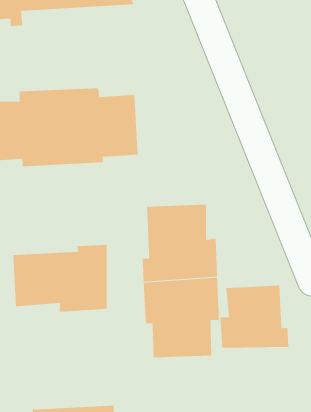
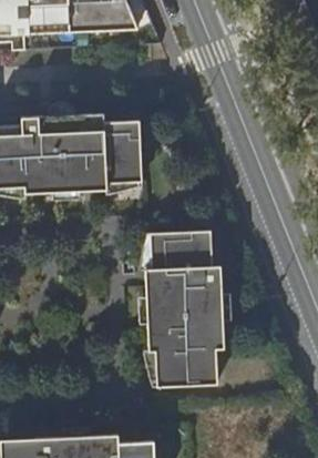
building: [13,244,107,312] -> none
building: [220,285,289,349] -> none

